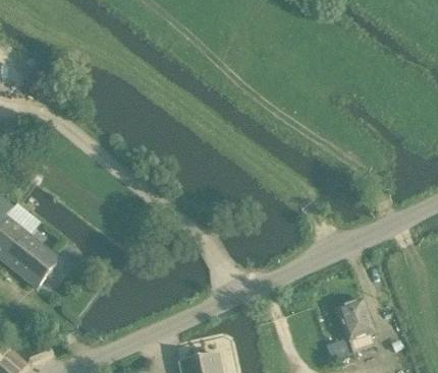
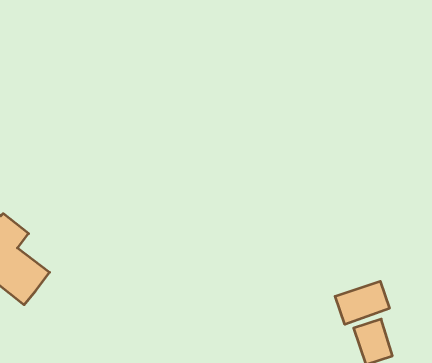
building: none -> [335,281,389,324]

